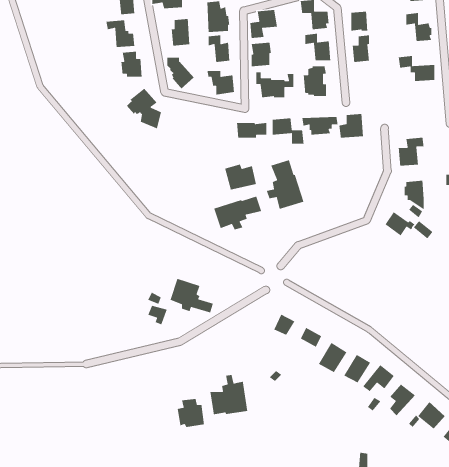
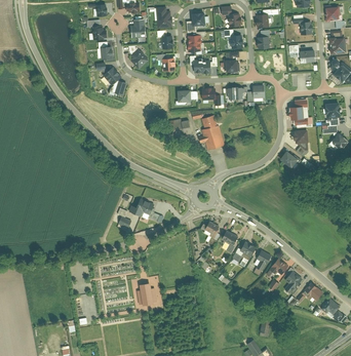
building: [213,195,262,230] -> none
building: [210,374,248,415] -> none

